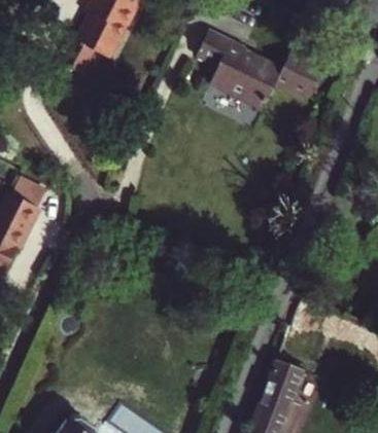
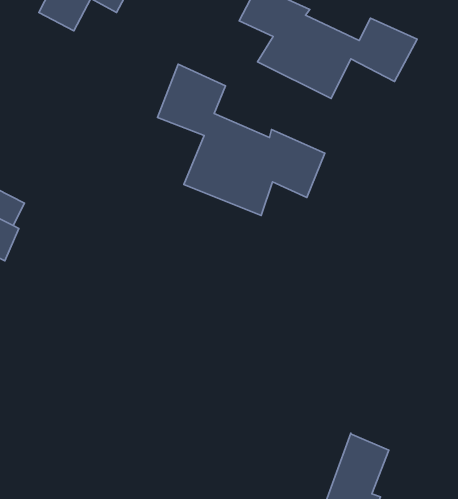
building: none -> [157,64,325,216]

